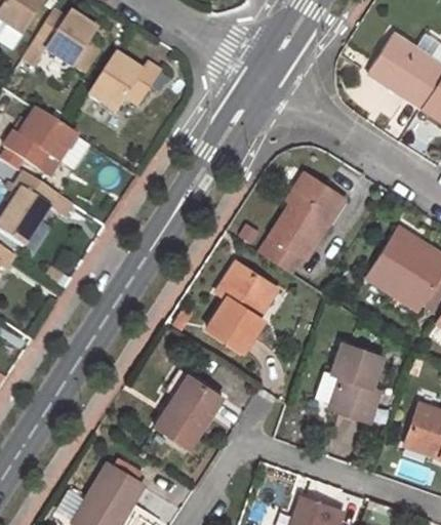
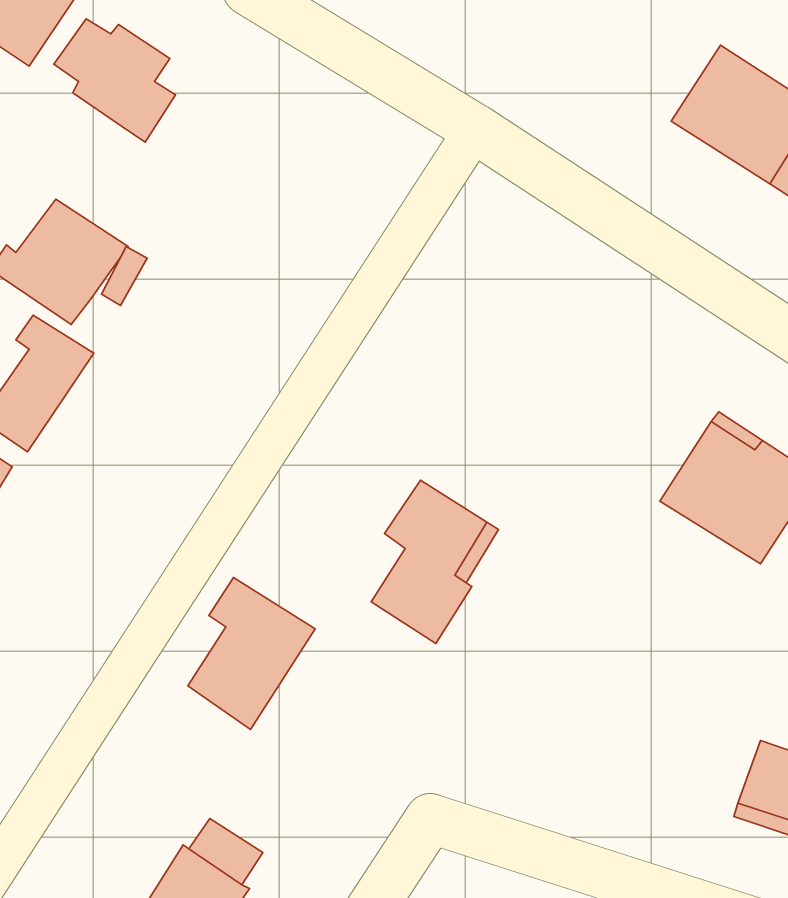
building: [90,55,162,115] -> none
building: [260,176,339,273] -> none
building: [328,344,382,420] -> none
building: [155,367,224,449] -> [188,578,315,729]

